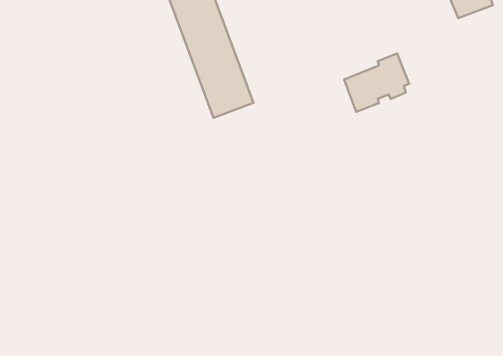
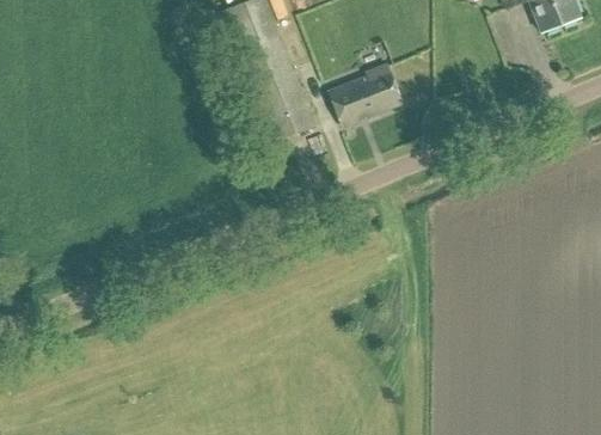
building: [344,53,409,112] -> [329,62,400,127]

